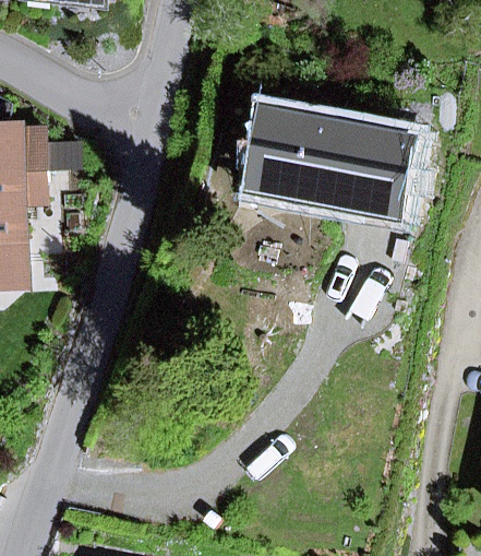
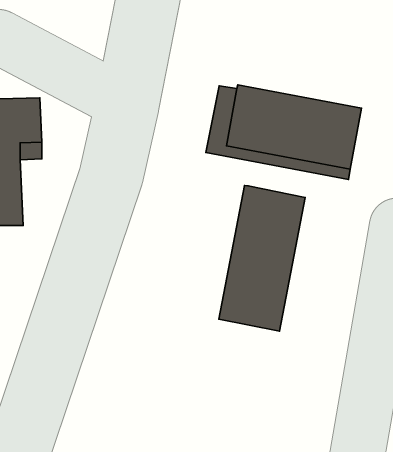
building: none -> [219,185,305,331]

